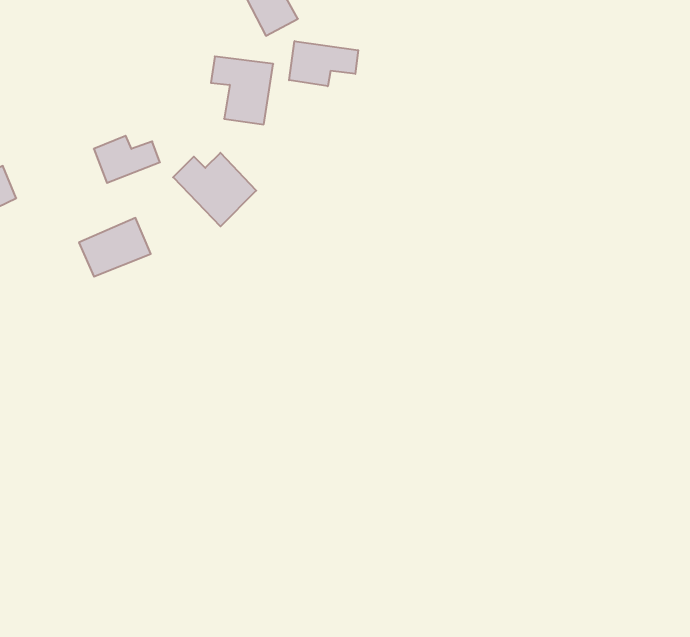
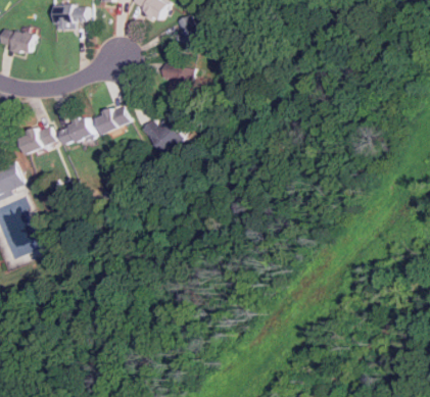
building: [289,41,358,86] -> none
building: [79,218,151,277] -> [57,114,96,146]

